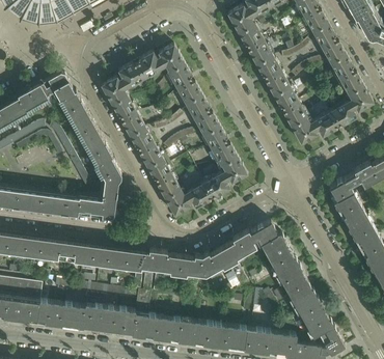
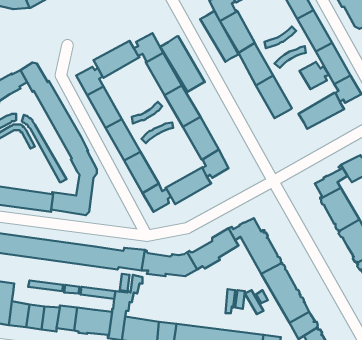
building: none -> [200,11,239,62]
building: none -> [160,36,205,92]
building: [291,118,319,144] -> [300,62,329,89]

